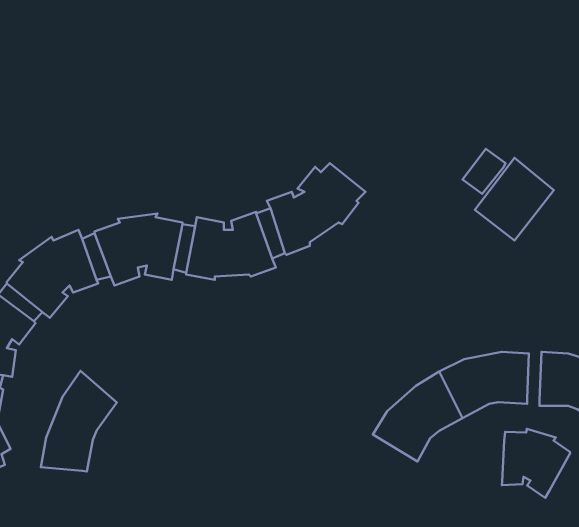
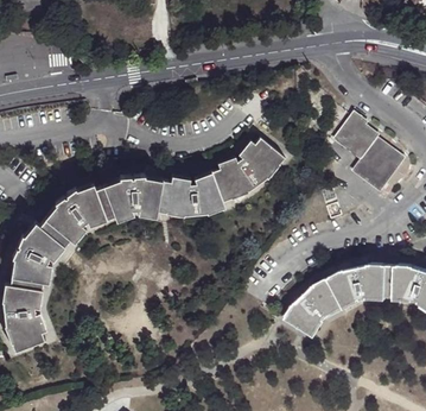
building: none -> [330,109,367,150]
building: [41,371,117,471] -> none
building: [502,429,570,498] -> none

